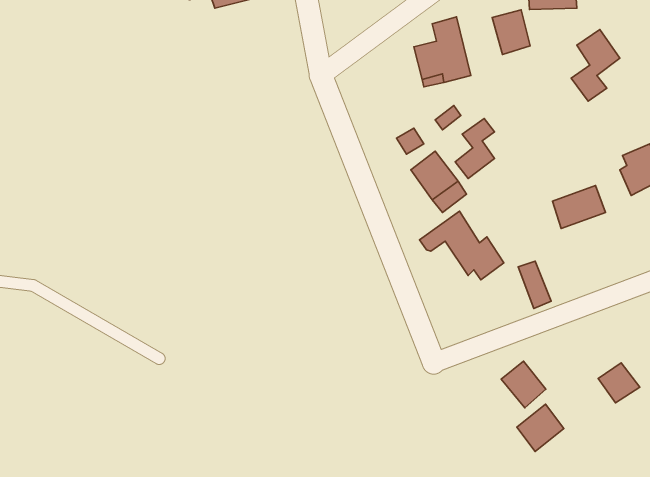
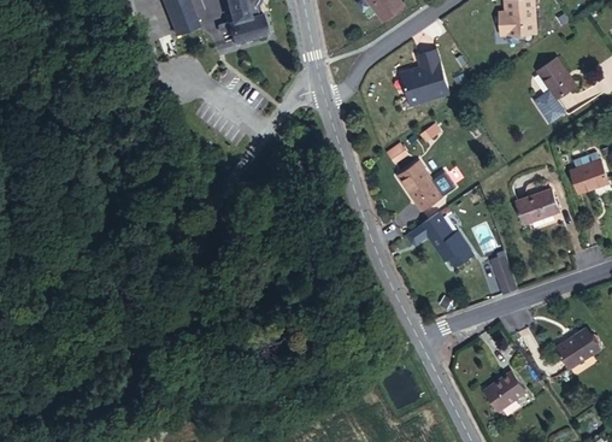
building: [492,10,530,54] -> none
building: [455,118,495,178] -> none
building: [501,361,546,408] -> none

